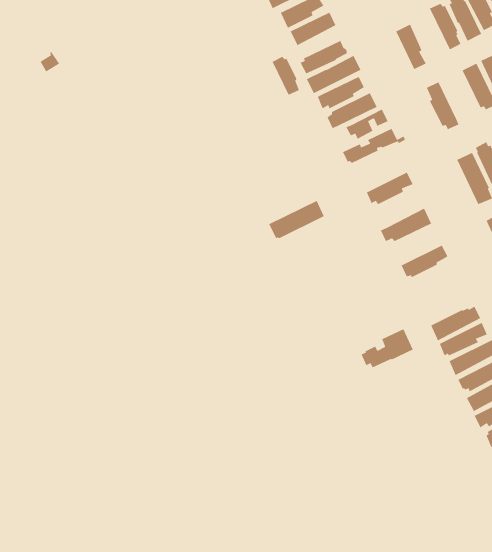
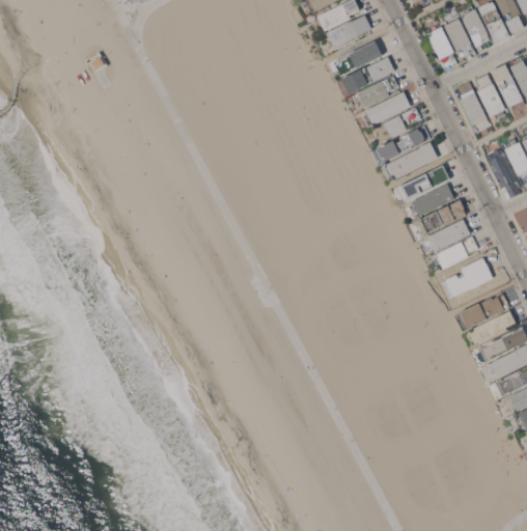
building: none -> [444,18,476,60]
building: [271,56,300,96] -> none
building: none -> [475,74,505,117]
building: none -> [408,185,454,218]
building: [268,200,325,239] -> [384,142,438,179]
building: none -> [423,219,470,253]
building: [360,328,414,368] -> [442,257,493,296]

